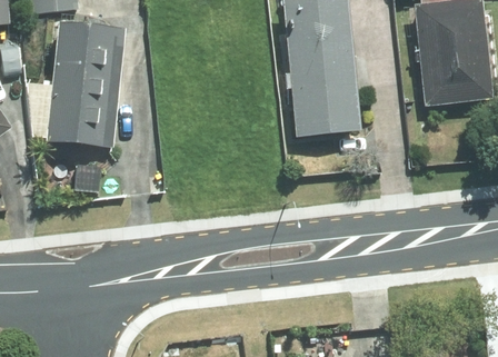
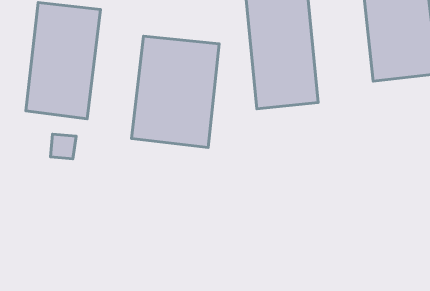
building: none -> [132,36,219,147]

